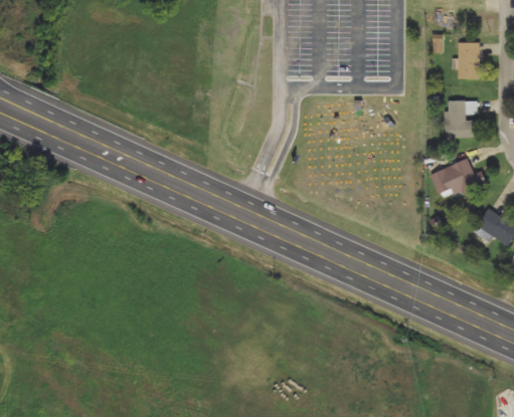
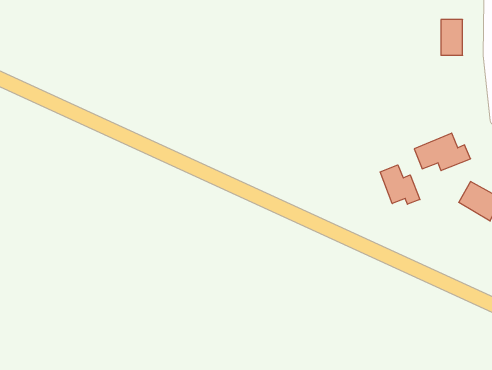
building: [446,100,478,137] -> none
building: none -> [380,165,420,204]

